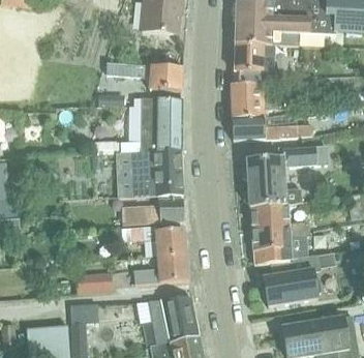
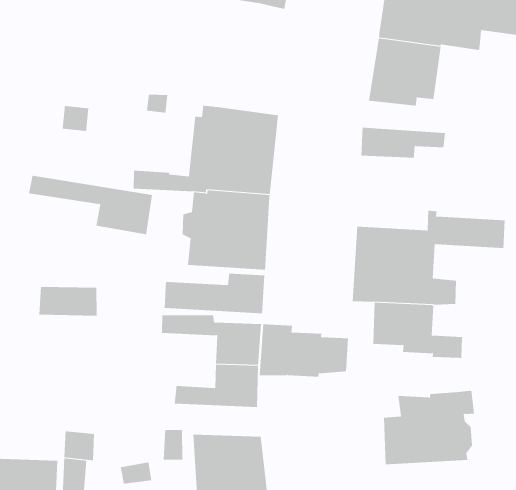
building: [105,61,182,90] -> [28,175,153,235]
building: [231,83,283,99] -> none
building: [233,115,312,140] -> none
building: [252,231,307,264] -> [259,324,349,377]
building: [74,271,112,292] -> [39,286,98,316]

